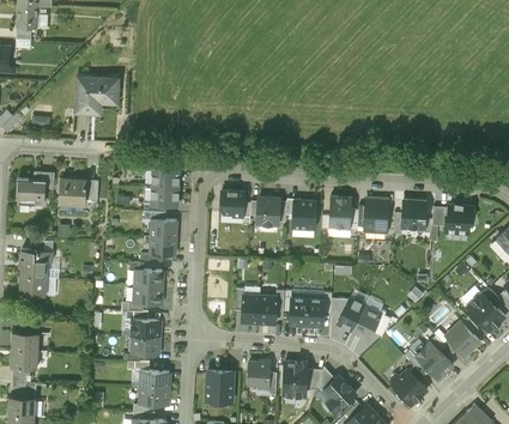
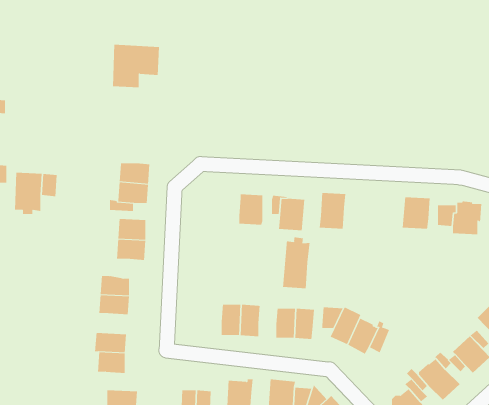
building: [77,75,119,114] -> [112,44,160,88]
building: [220,192,244,218] -> none
building: [364,199,388,234] -> none
building: none -> [282,236,310,289]

